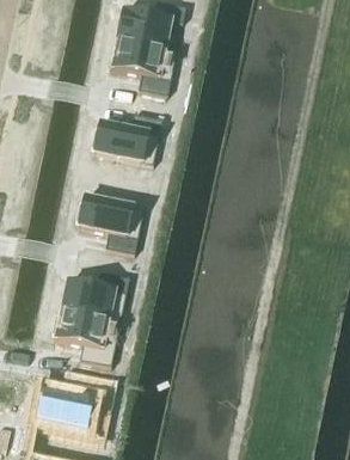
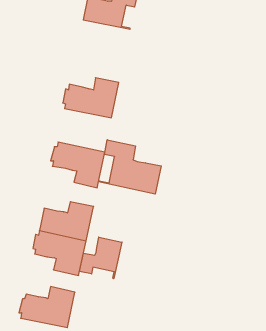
building: [110,41,176,97] -> none
building: none -> [99,140,161,194]
building: none -> [79,237,122,279]

